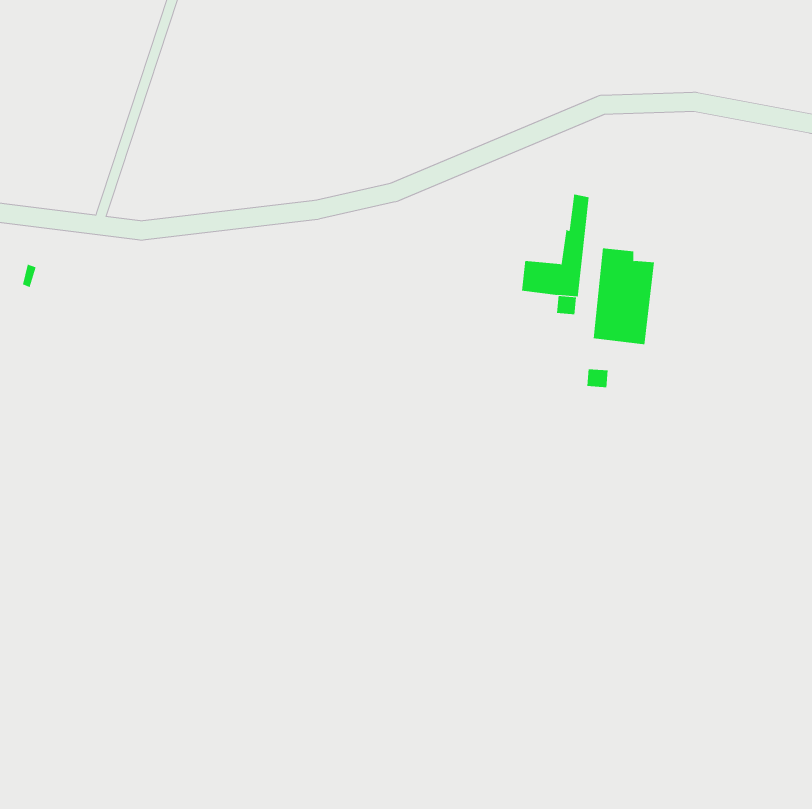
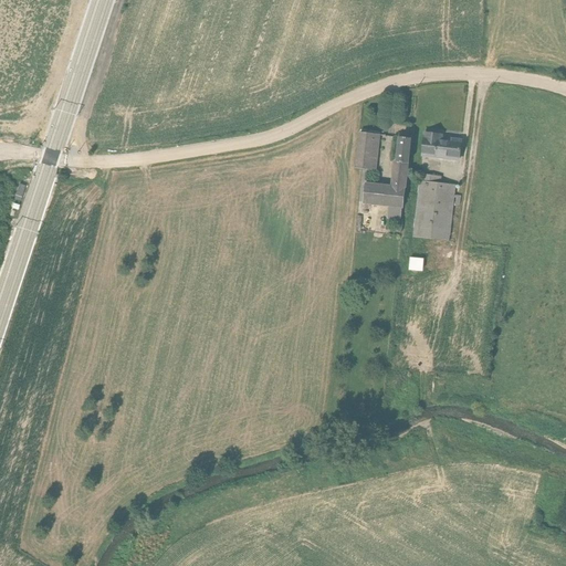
building: none -> [355,130,379,169]
building: none -> [422,132,461,159]

